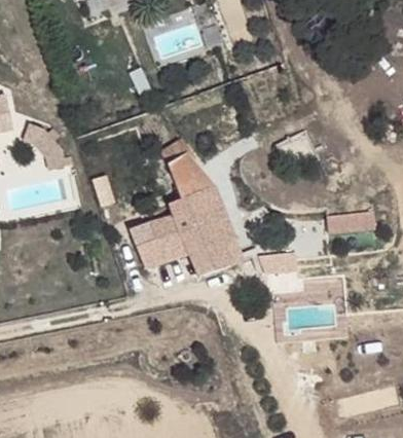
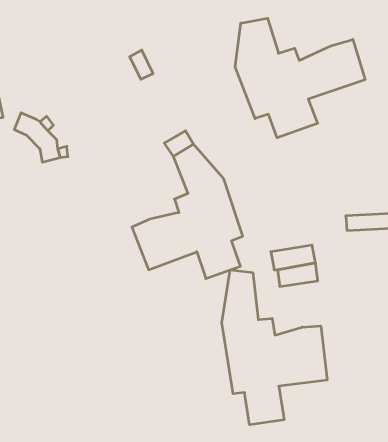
building: none -> [235,18,365,138]
building: none -> [222,270,327,425]

